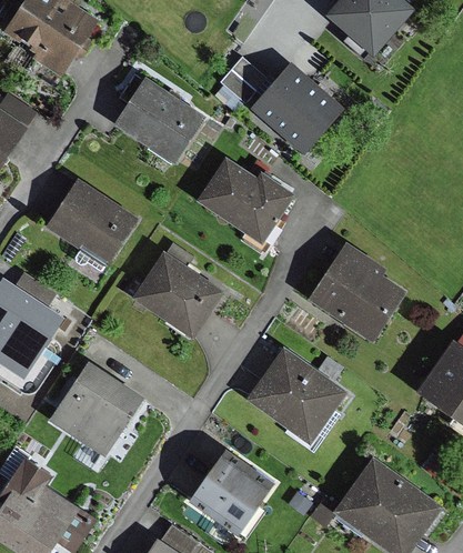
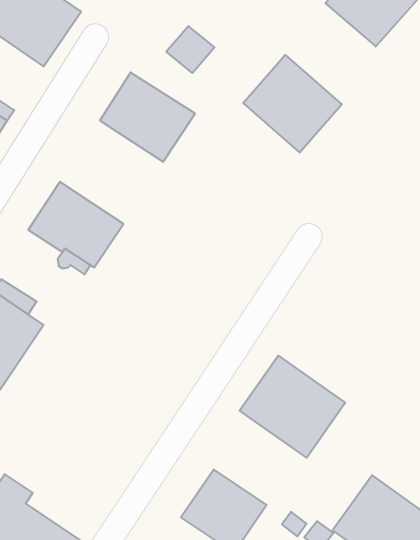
building: [219,59,264,103] -> [166,26,214,73]
building: [197,158,298,245] -> none
building: [308,242,405,341] -> none
building: [134,253,224,338] -> none
building: [48,362,142,456] -> none

